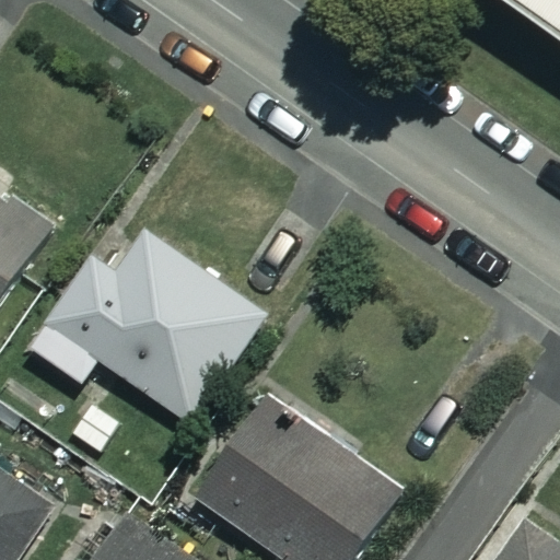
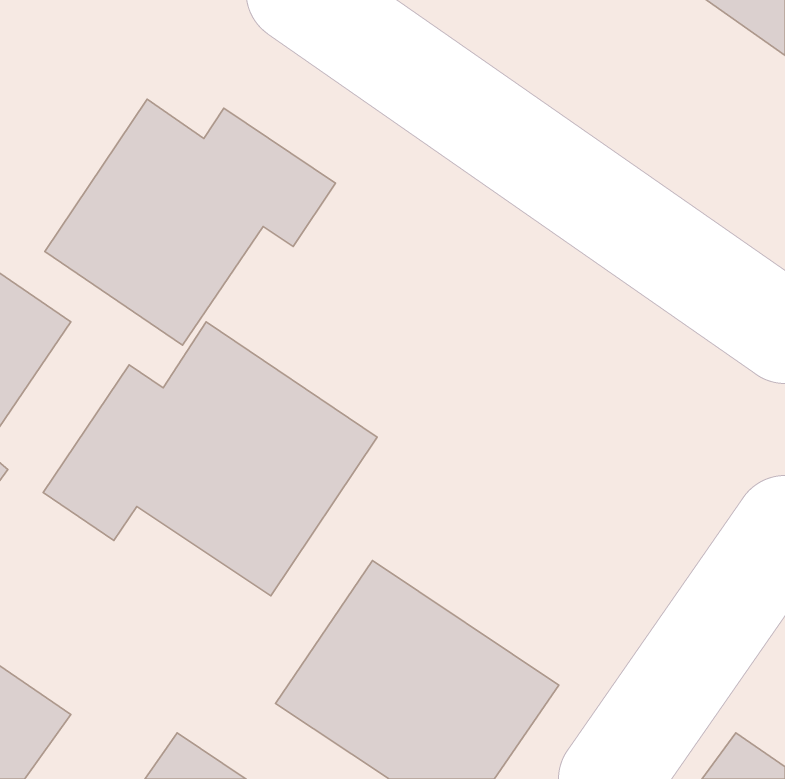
building: none -> [45,99,336,345]

